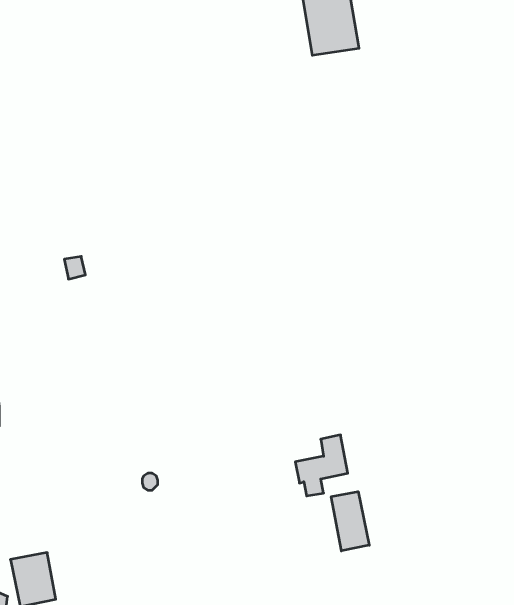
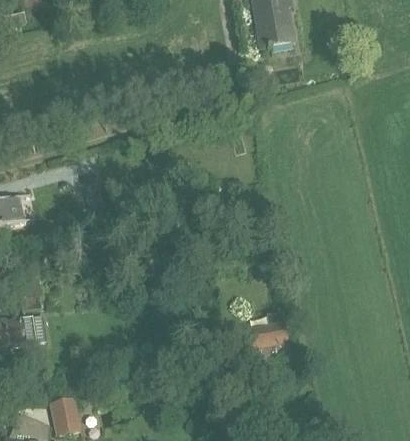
building: [331,492,369,551] -> none

